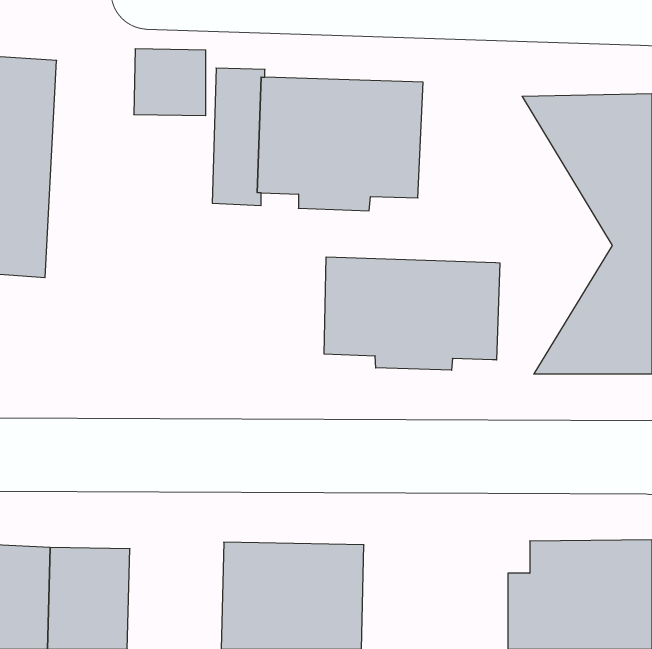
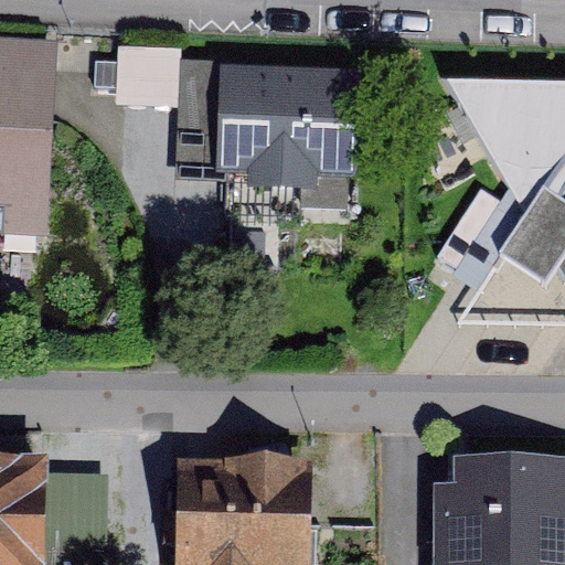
building: [324,257,500,370] -> none

